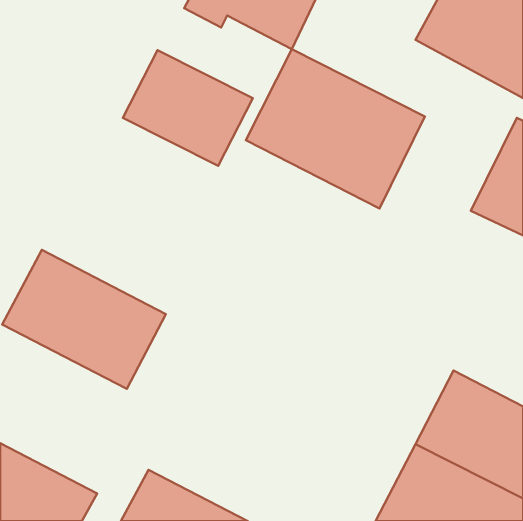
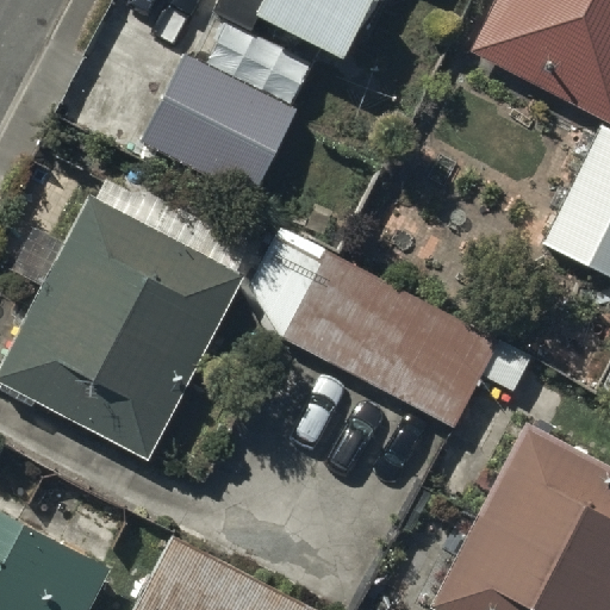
building: [246,49,425,208] -> none
building: none -> [49,203,239,366]
building: none -> [276,259,492,429]

